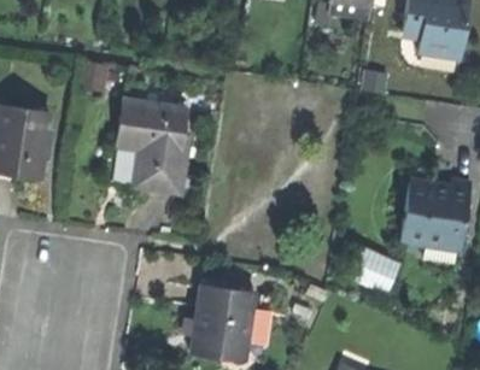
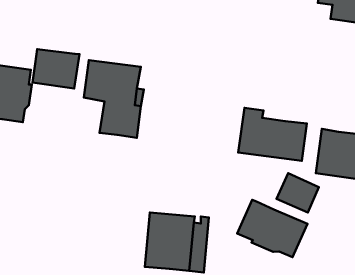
building: none -> [32,49,79,89]
building: none -> [238,108,307,161]
building: none -> [237,200,307,257]

